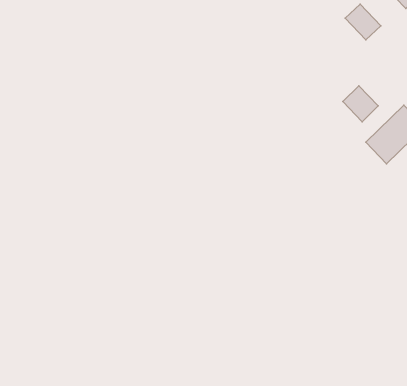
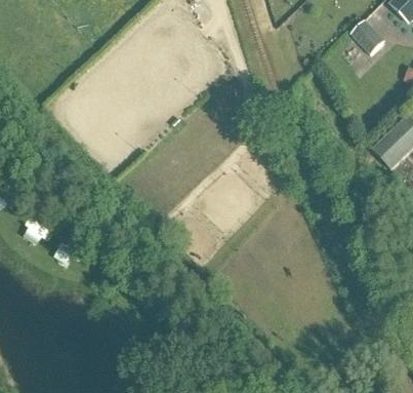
building: [343,86,378,122] -> none

